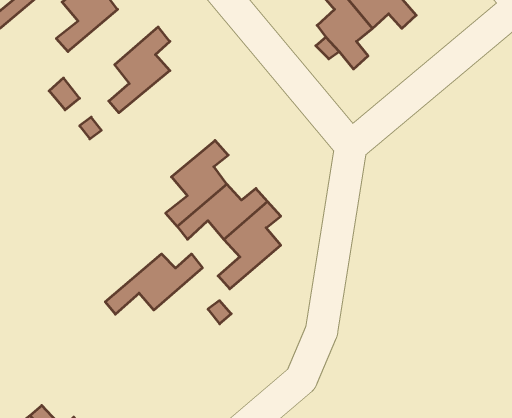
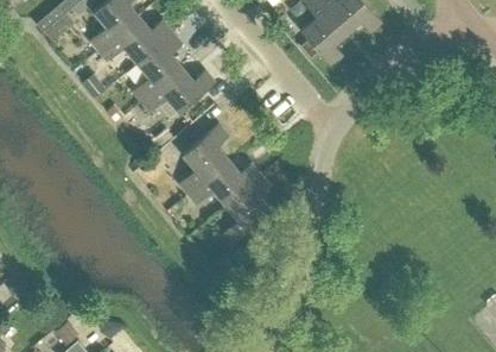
building: none -> [98,17,172,62]
building: none -> [140,67,215,112]
building: [105,254,202,314] -> none

